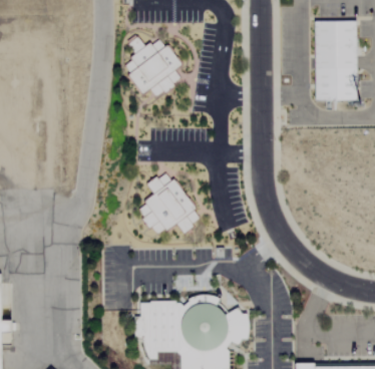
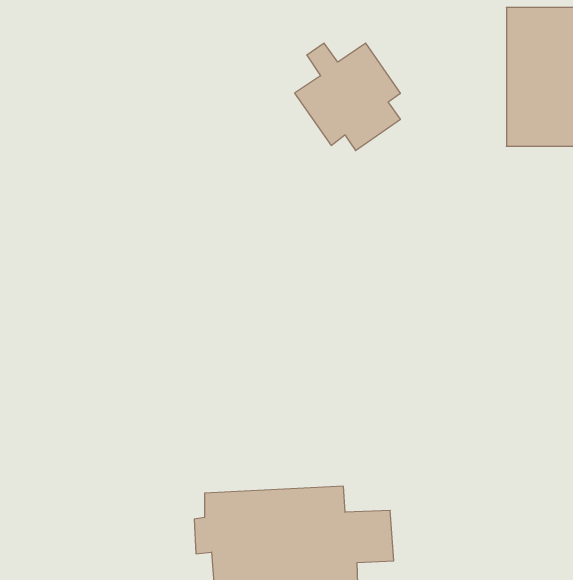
building: [121,37,182,99] -> [295,43,400,151]
building: [136,170,201,238] -> none

